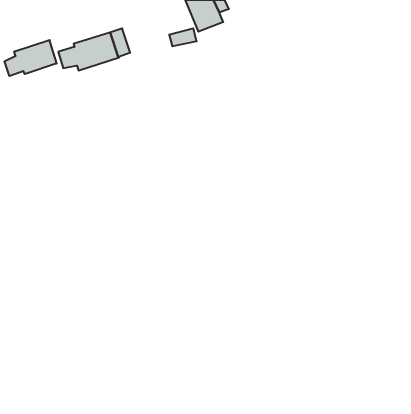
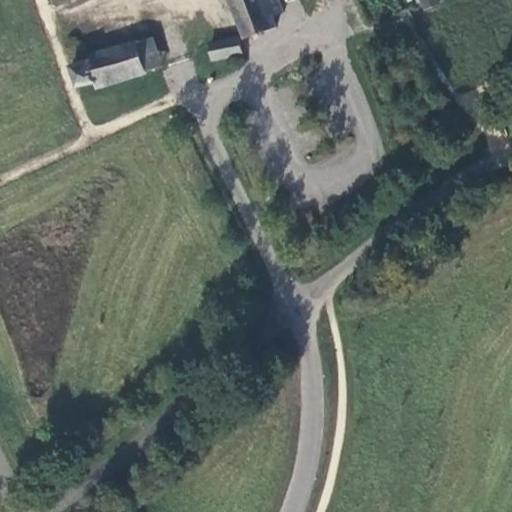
building: [5,40,57,76] -> none

